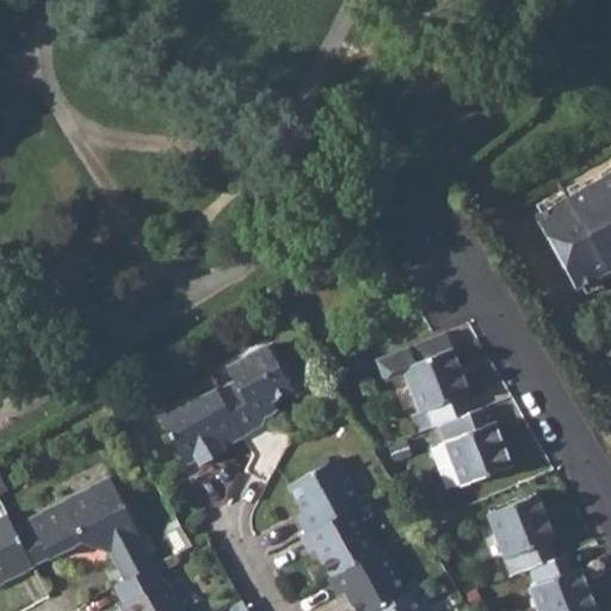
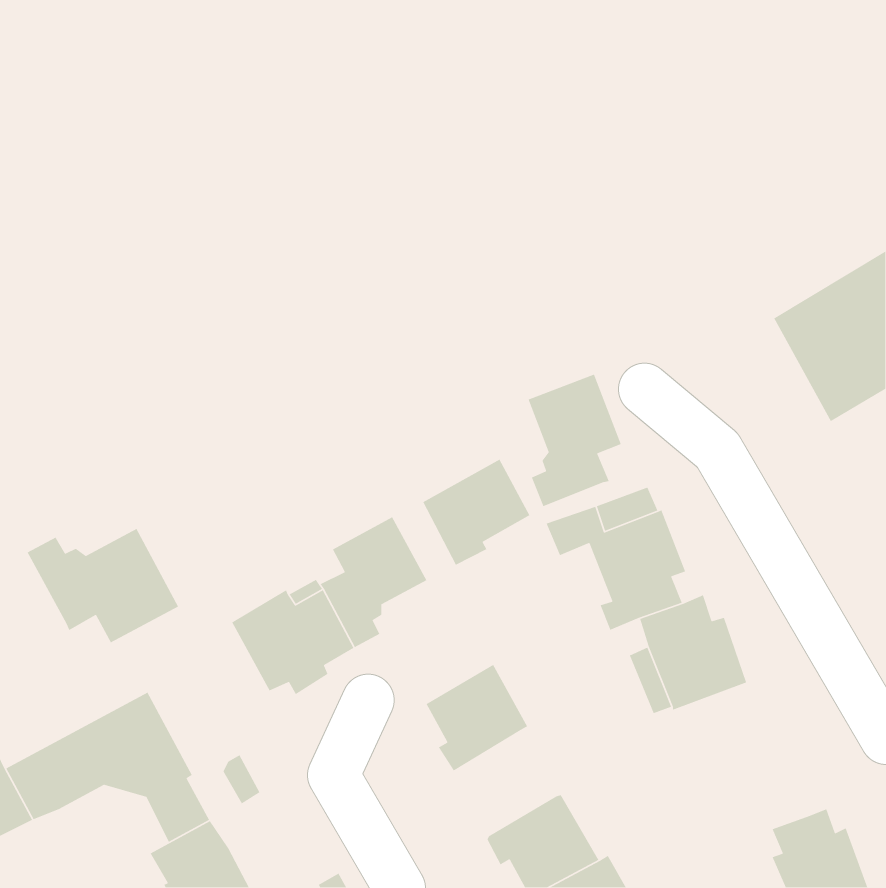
building: none -> [527,373,622,507]
building: none -> [422,458,531,566]
building: none -> [27,528,179,643]
building: [490,496,556,573] -> none
building: [306,502,382,574] -> none

